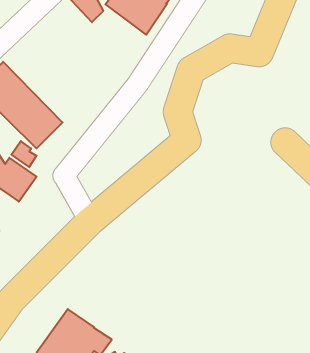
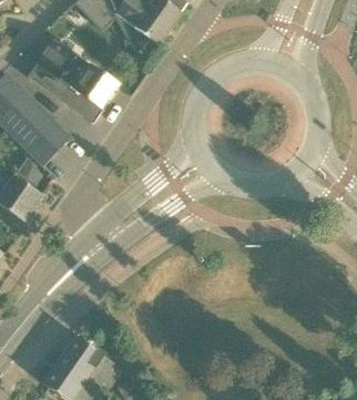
building: none -> [28,39,120,123]

